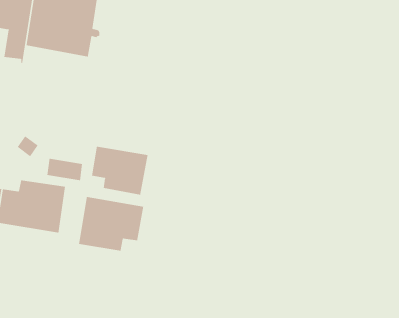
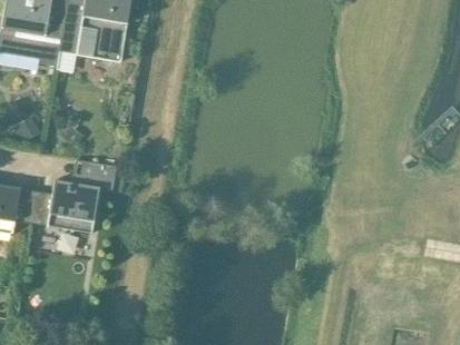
building: [91,146,148,195] -> none
building: [79,196,144,251] -> none

